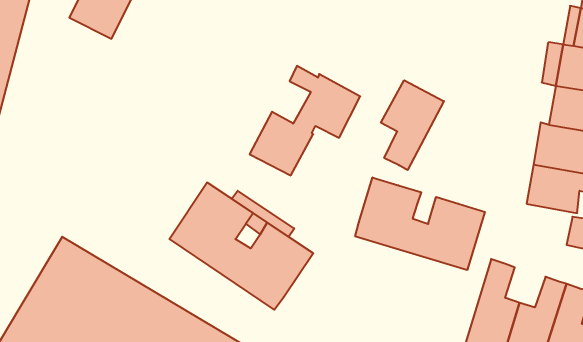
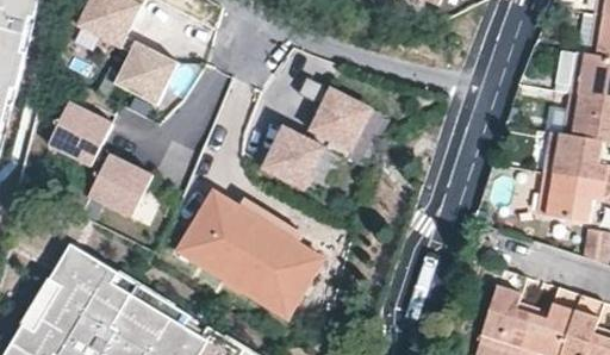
building: none -> [113,41,178,105]
building: [381,80,444,170] -> none
building: none -> [46,101,151,217]
building: [355,177,485,270] -> none

